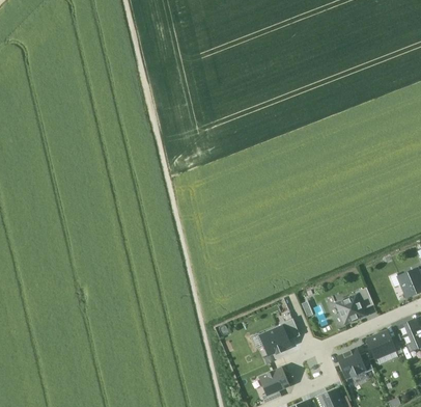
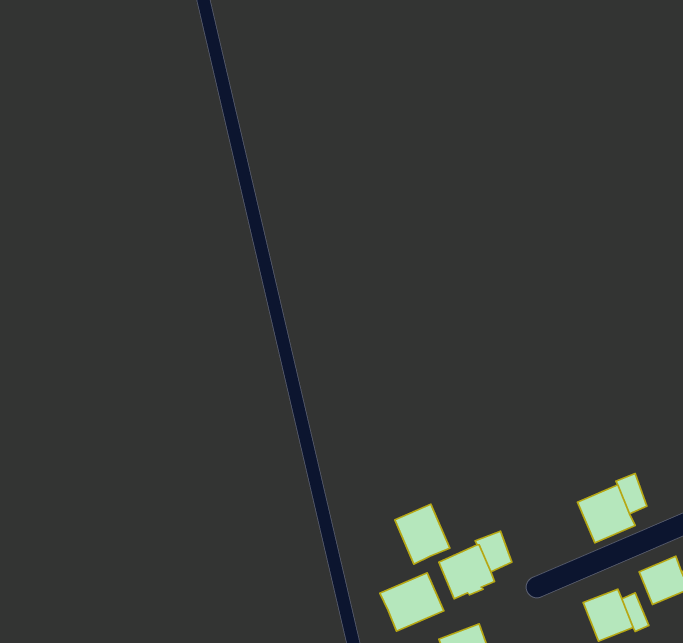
building: none -> [395,504,450,564]
building: none -> [380,573,444,631]

